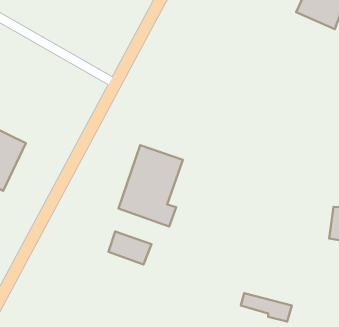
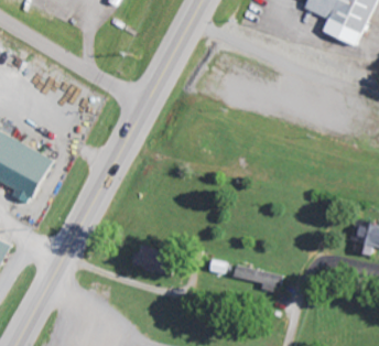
building: [118,145,183,227] -> none
building: [241,293,292,321] -> [231,263,281,291]

